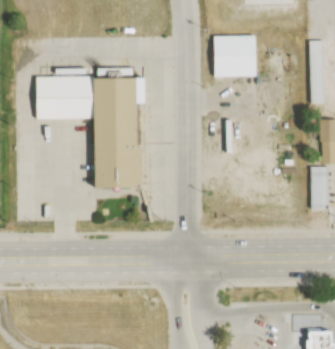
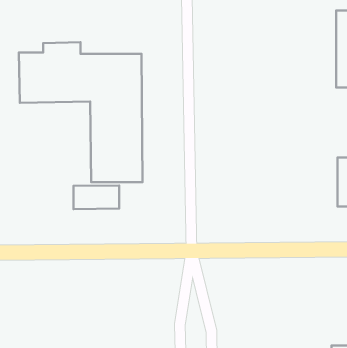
building: [213,37,255,77] -> none
building: none -> [73,185,119,209]

